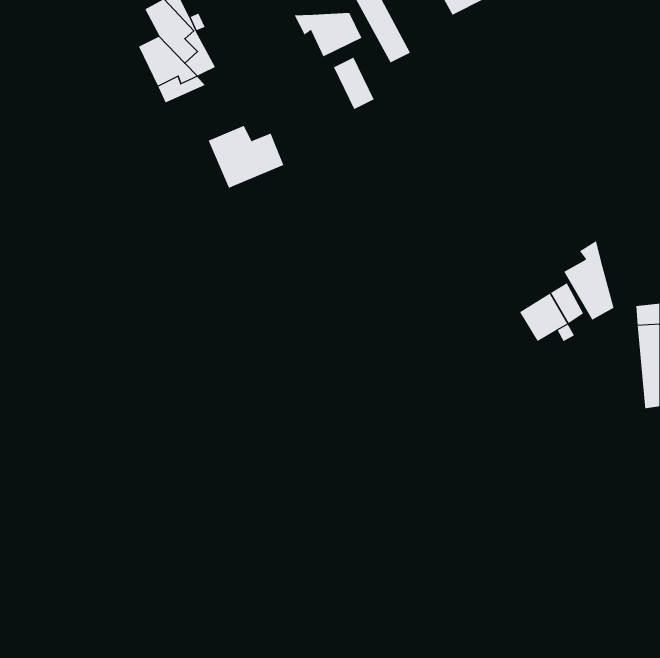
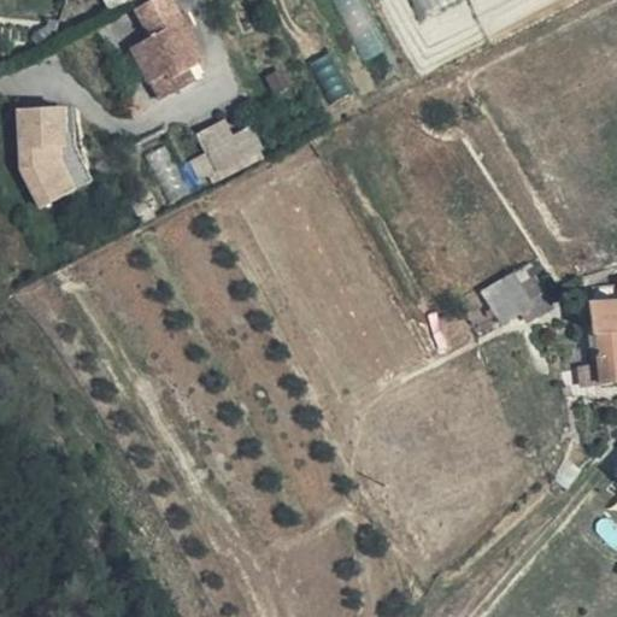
building: [294,12,362,57] -> none
building: none -> [17,106,92,206]
building: [564,240,614,320] -> none

